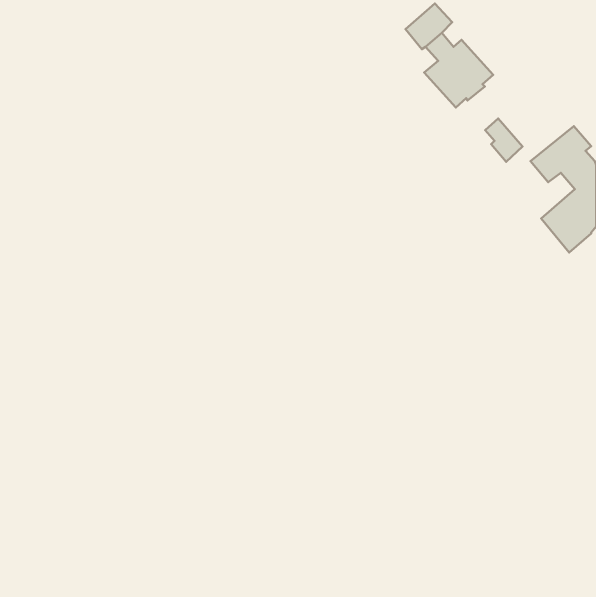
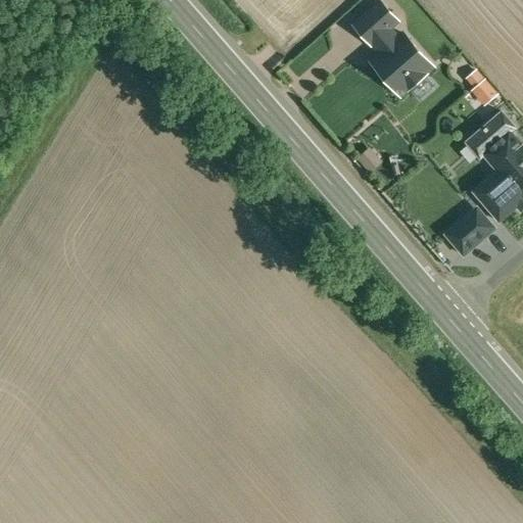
building: [485,119,523,162] -> [465,68,497,106]
building: none -> [442,205,495,256]

